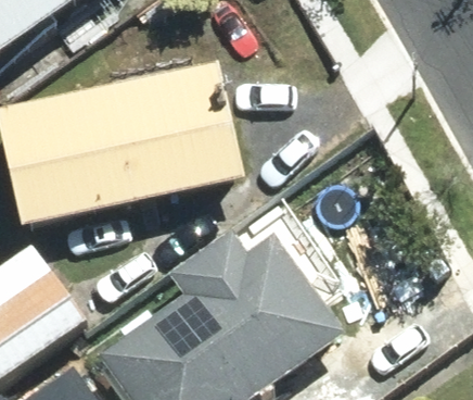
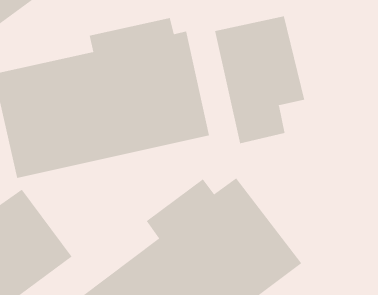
building: none -> [214,16,305,144]

